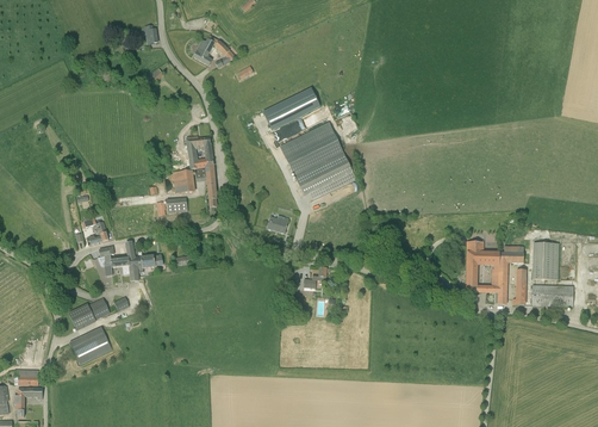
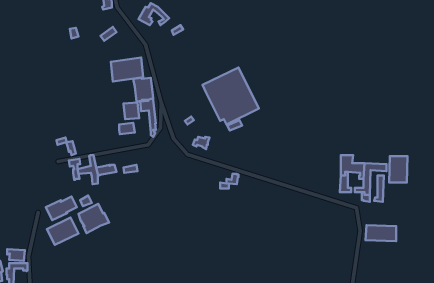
building: [262,87,319,129] -> none
building: none -> [111,57,143,82]
building: [530,284,572,305] -> [366,225,396,241]
building: none -> [79,204,109,233]

